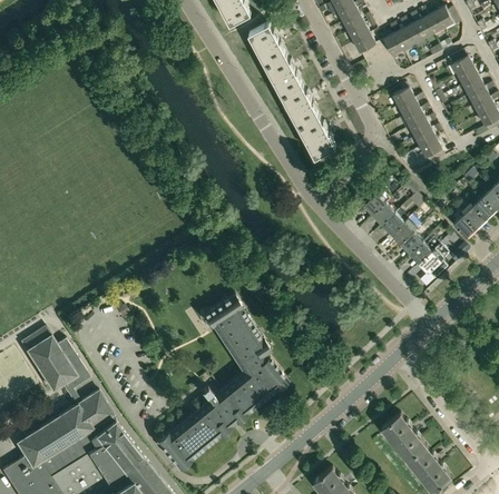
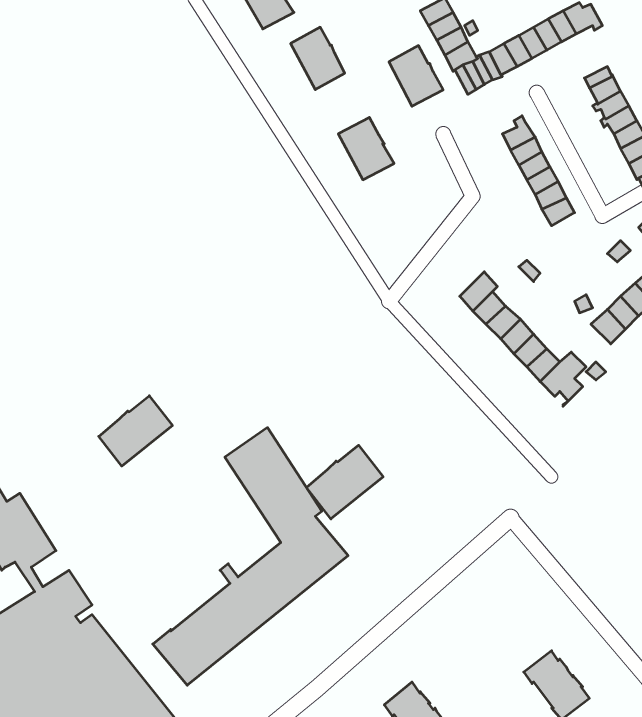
building: [265,55,302,96] -> [389,46,443,106]
building: [297,116,335,158] -> none
building: none -> [99,396,172,466]
building: none -> [306,445,383,519]
building: [380,414,425,461] -> none

